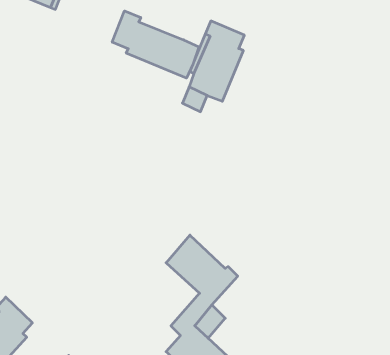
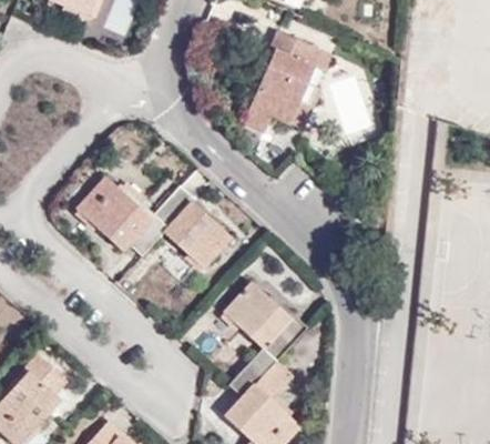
building: [112,11,199,78] -> none
building: none -> [76,175,233,270]

